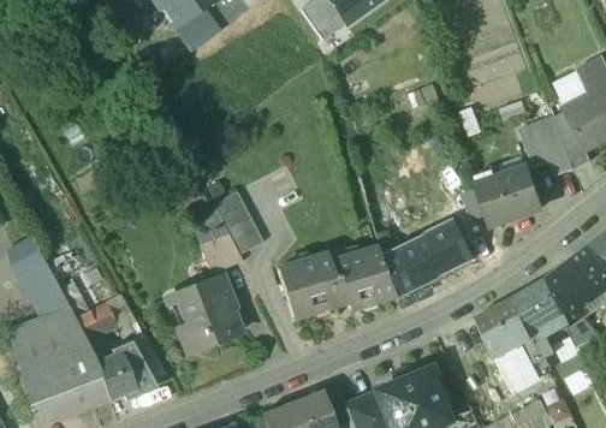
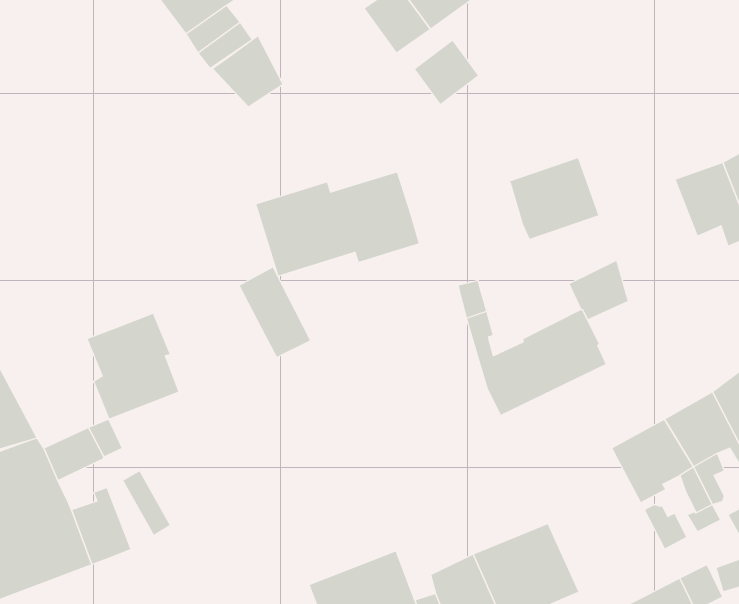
building: none -> [212,36,283,107]
building: none -> [414,40,479,105]
building: [477,166,541,224] -> [509,157,599,240]
building: [200,232,243,272] -> none
building: [278,244,393,317] -> [256,172,420,276]
building: [174,275,239,350] -> [87,313,179,419]
building: [120,339,158,399] -> none

